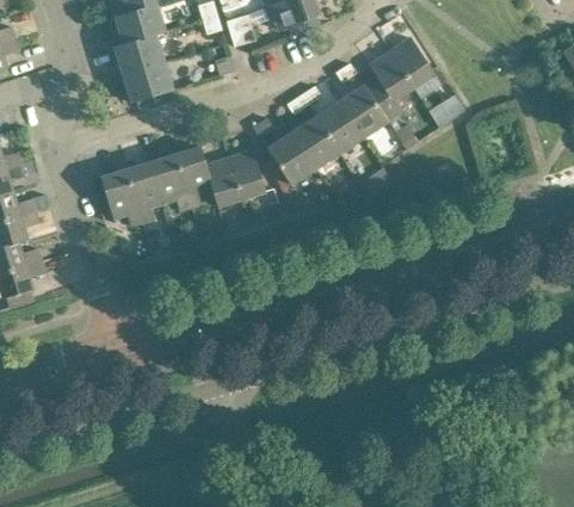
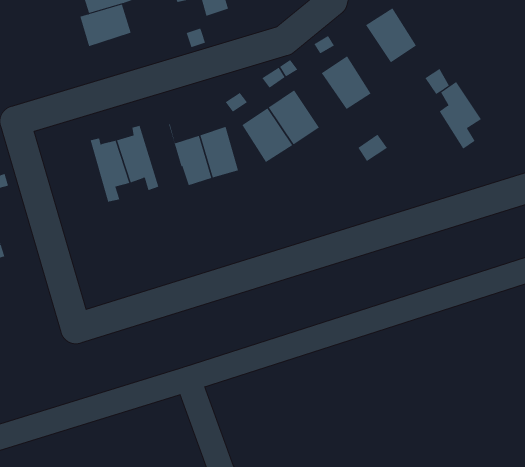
building: [369,55,409,119] -> [439,81,482,150]
building: [124,62,173,106] -> none
building: [319,100,368,152] -> none
building: [173,146,211,208] -> none
building: [101,163,142,225] -> none

